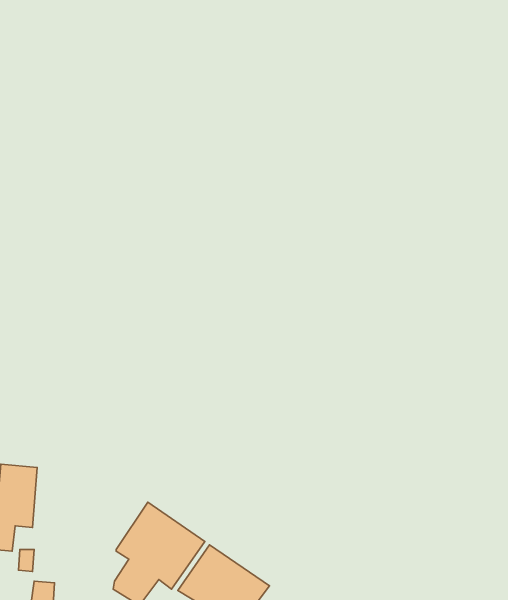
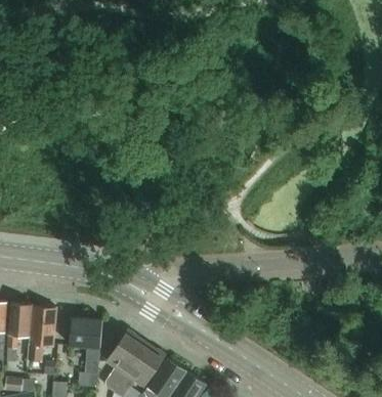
building: none -> [69,317,101,388]

